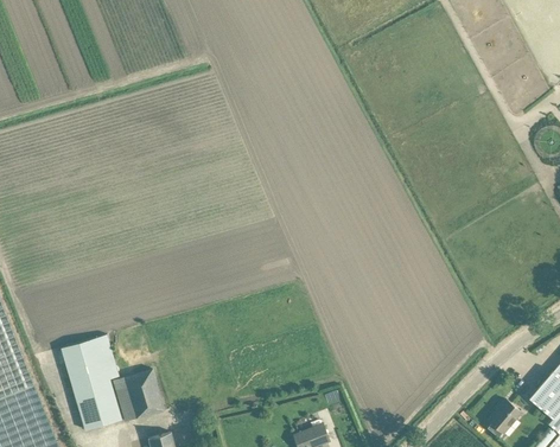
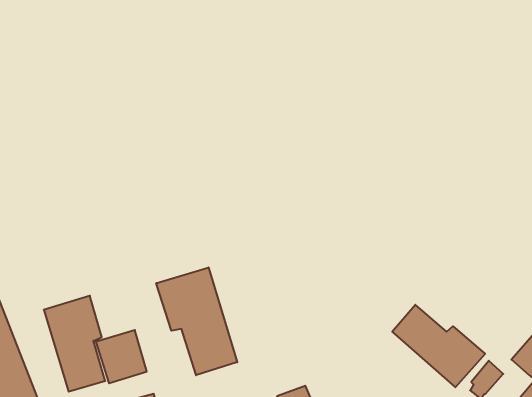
building: none -> [156,267,237,375]
building: none -> [392,305,485,387]

